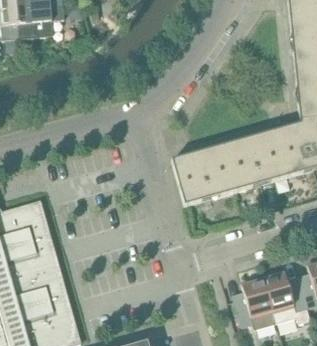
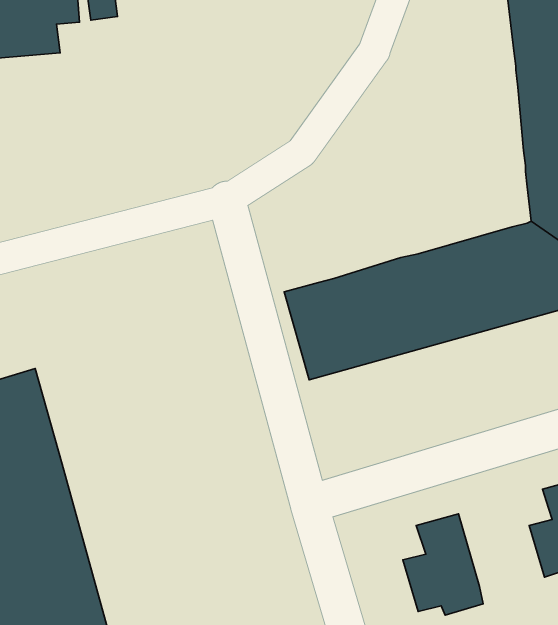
building: [262,269,310,324] -> none

